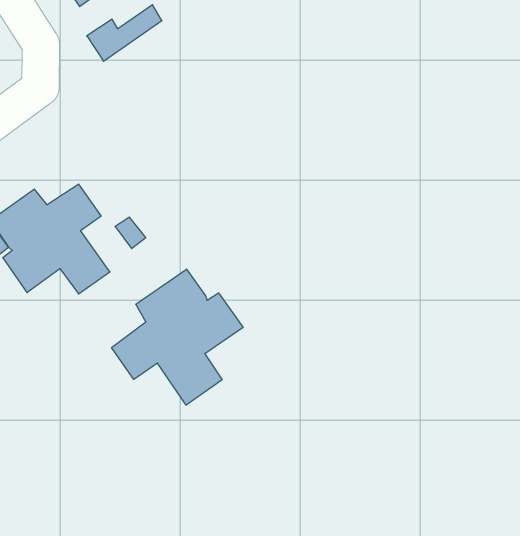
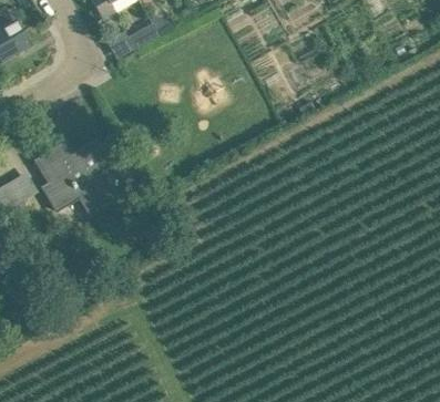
building: [112,269,243,405] -> none

